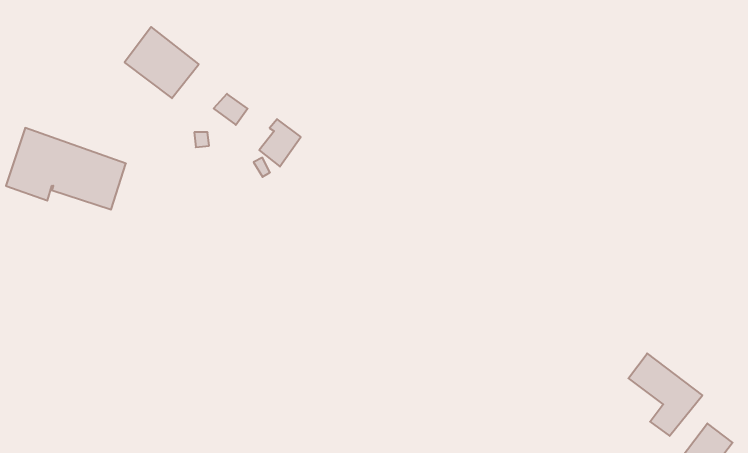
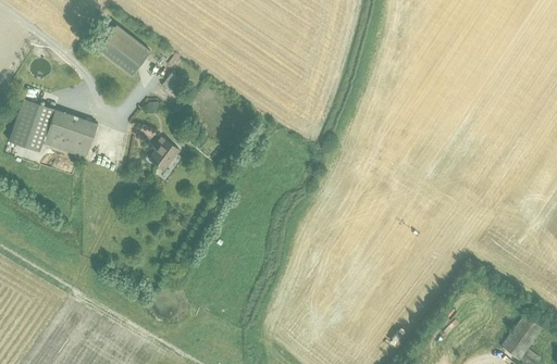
building: [259,119,301,167] -> [149,136,180,171]
building: [628,353,702,436] -> none

